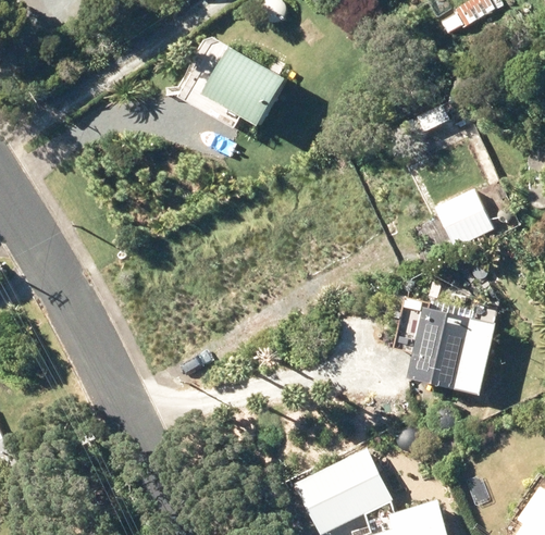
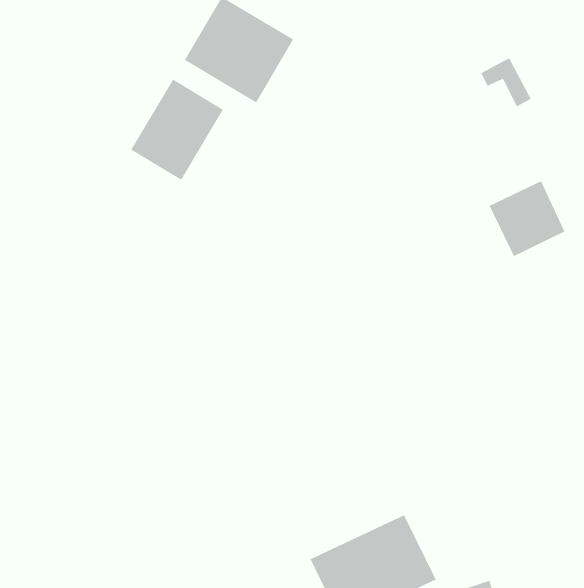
building: none -> [130,79,224,181]
building: [414,311,499,397] -> none

